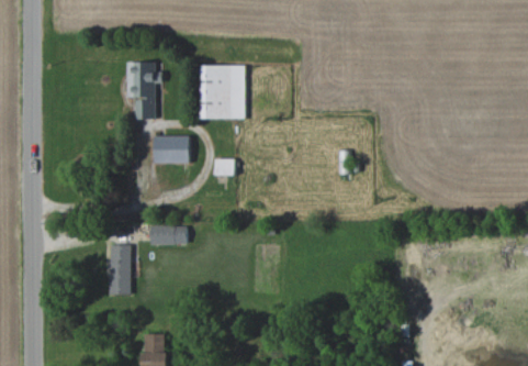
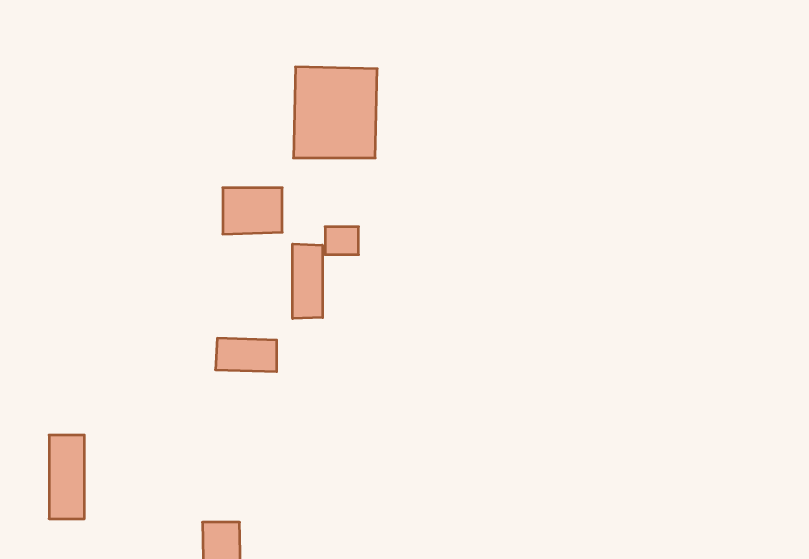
building: [127,62,164,119] -> none
building: none -> [293,244,323,319]
building: [110,245,131,295] -> [49,435,84,519]

